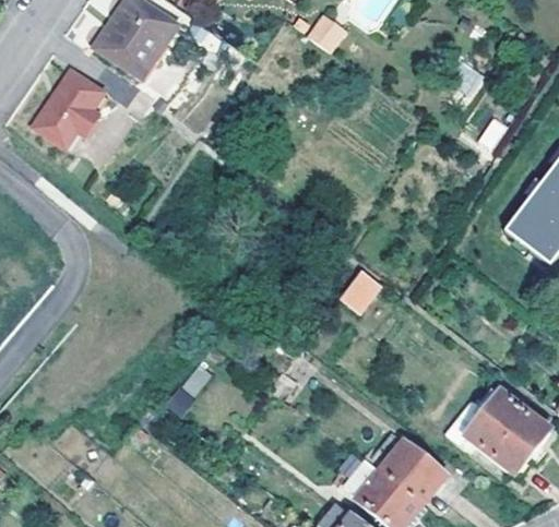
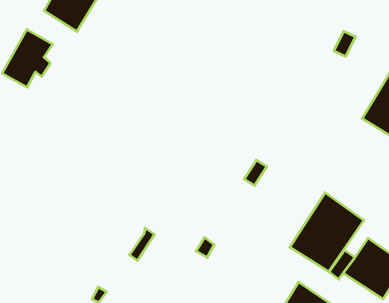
building: none -> [290,193,364,272]

